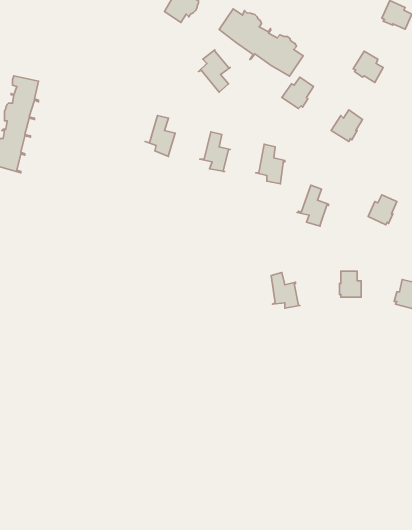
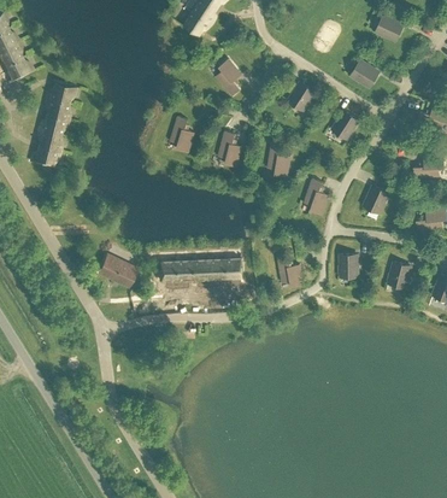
building: [219,9,303,76] -> none
building: none -> [159,253,242,283]
building: none -> [99,256,136,286]

